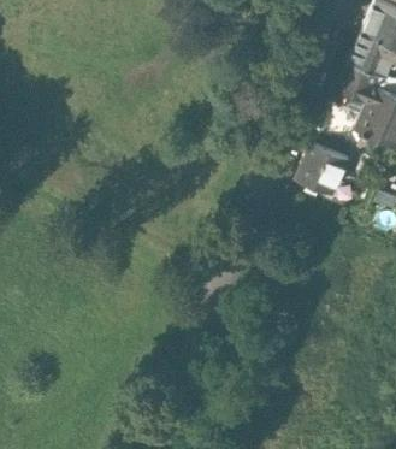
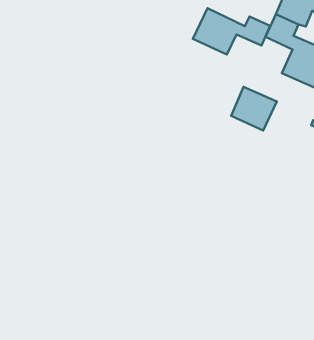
building: none -> [193,8,270,55]

